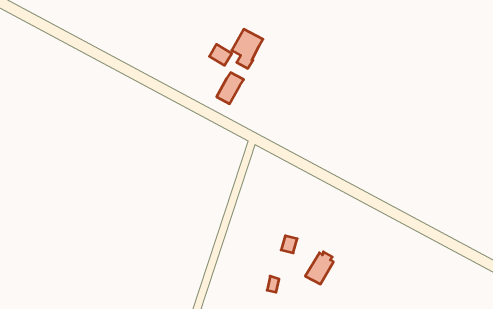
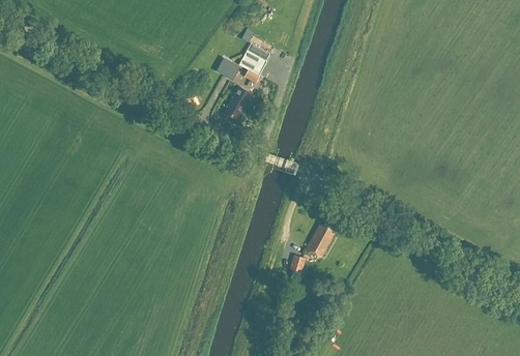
building: [305,252,333,284] -> [305,224,334,257]

